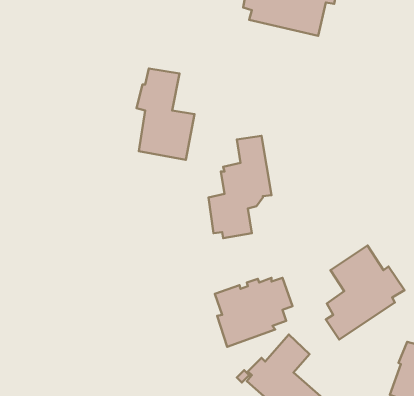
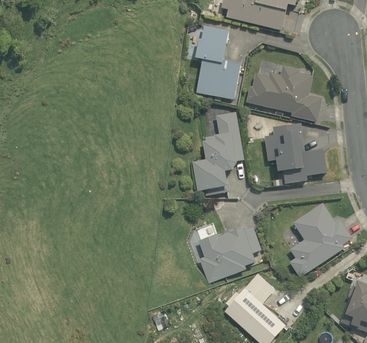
building: [136,69,194,160] -> [194,25,241,99]
building: none -> [245,65,321,121]
building: none -> [265,123,326,184]

